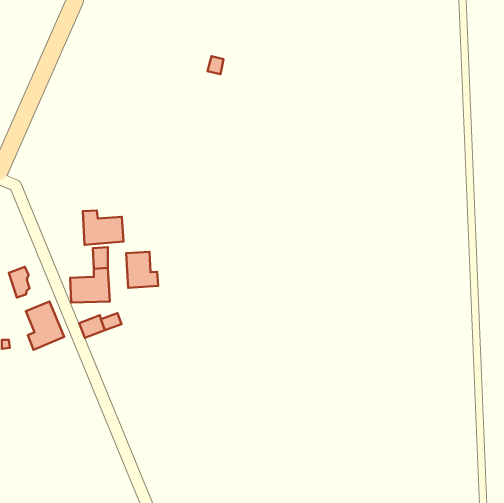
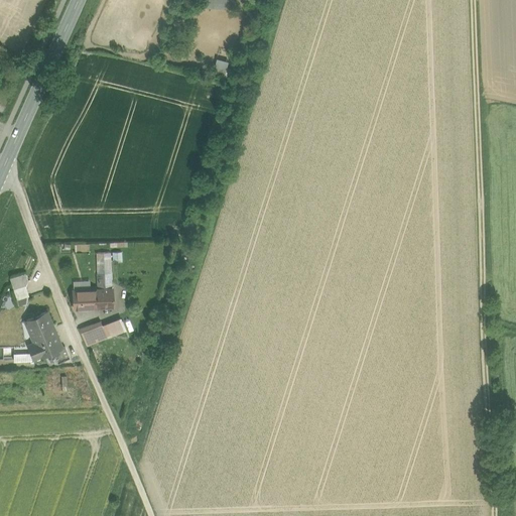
building: [83,211,124,245] -> none
building: [126,252,158,288] -> none

